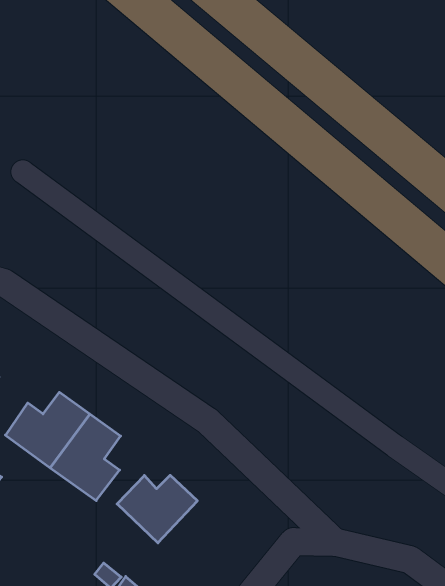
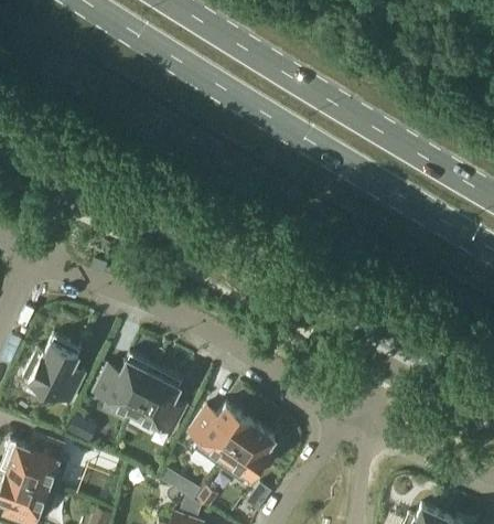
building: none -> [225,421,275,481]

